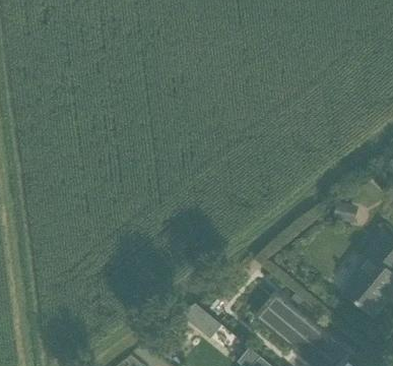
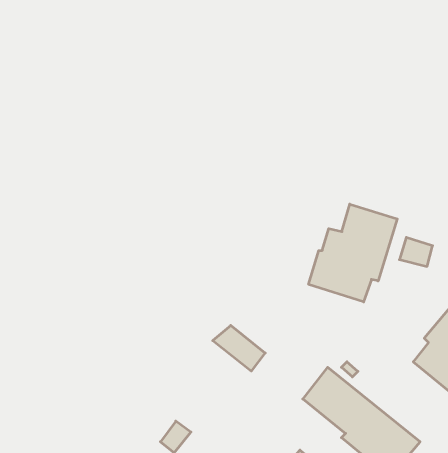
building: none -> [309,204,397,302]
building: [182,303,220,337] -> [213,325,265,371]

